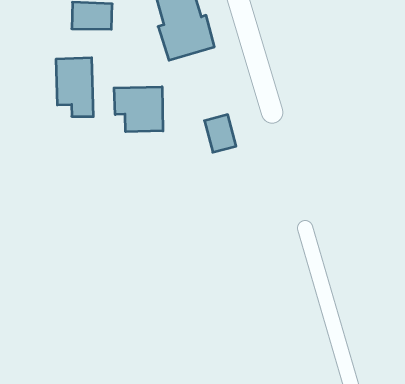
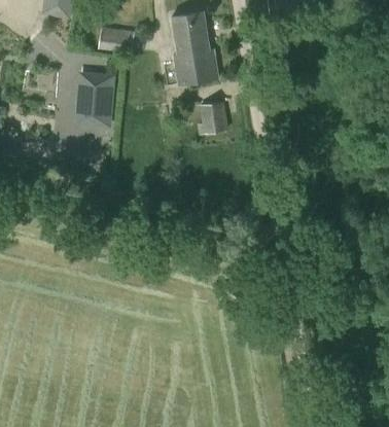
building: [114,87,163,132] -> none
building: [204,115,236,152] -> [202,100,226,131]

